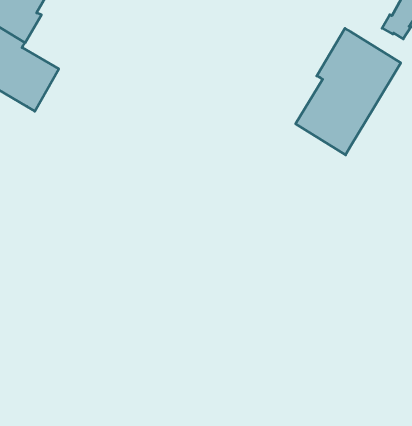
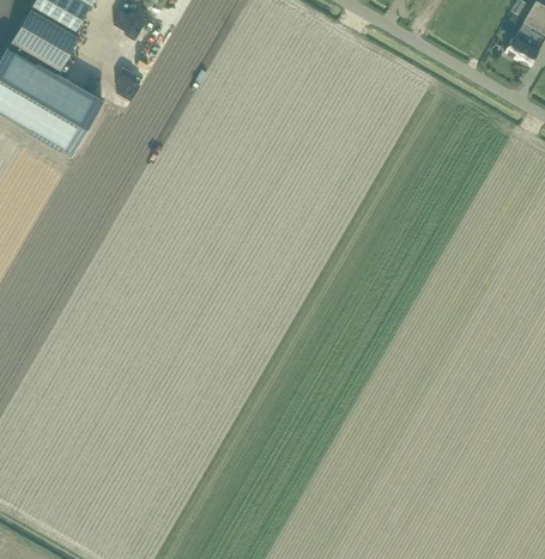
building: [296,28,401,155] -> none

